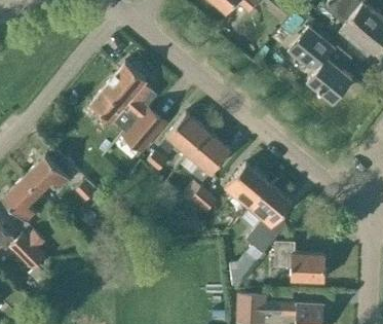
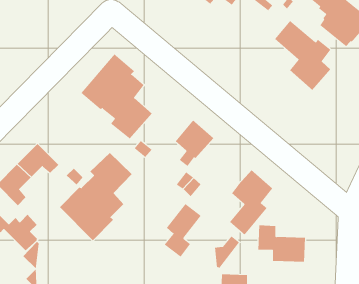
building: [160,113,207,154] -> none
building: [225,165,269,209] -> none
building: none -> [59,152,133,241]
building: none -> [164,203,202,258]

